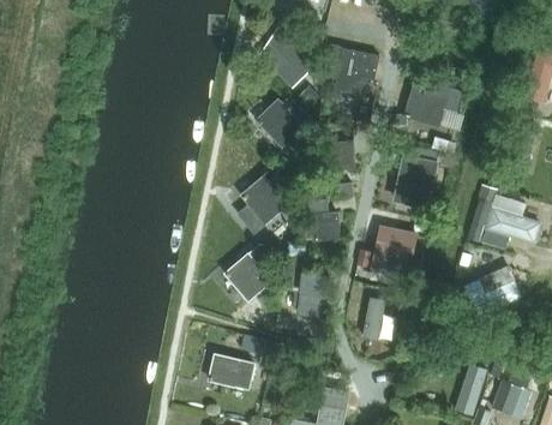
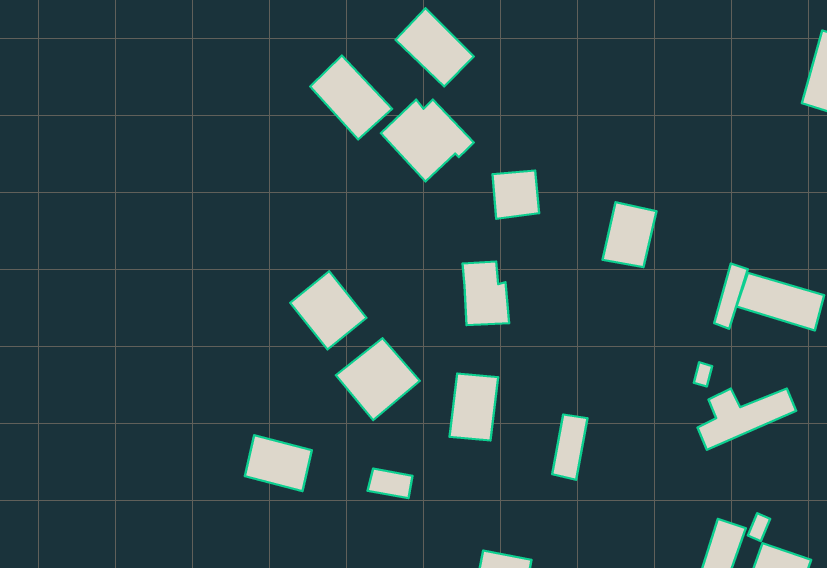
building: [331,48,377,96] -> none
building: none -> [310,56,392,139]
building: [404,86,449,126] -> none
building: [240,174,289,225] -> [290,271,367,349]
building: [370,226,416,277] -> none
building: [208,353,251,389] -> [245,435,312,491]

